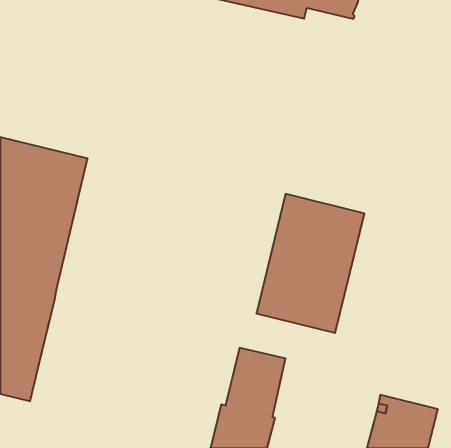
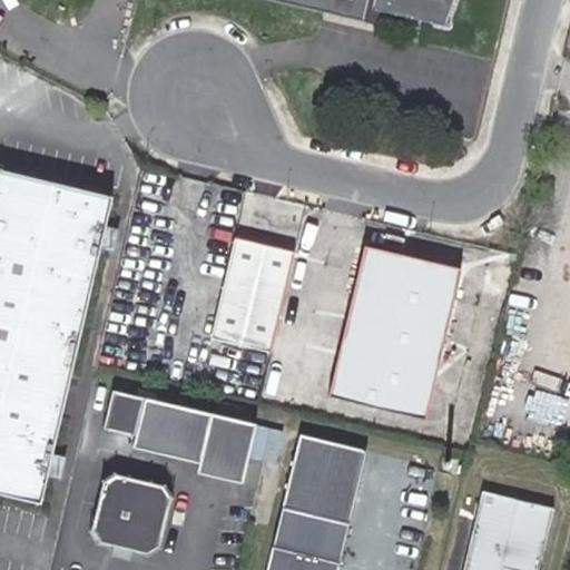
building: none -> [209,239,291,353]
building: none -> [108,387,255,478]
building: none -> [89,476,168,551]

